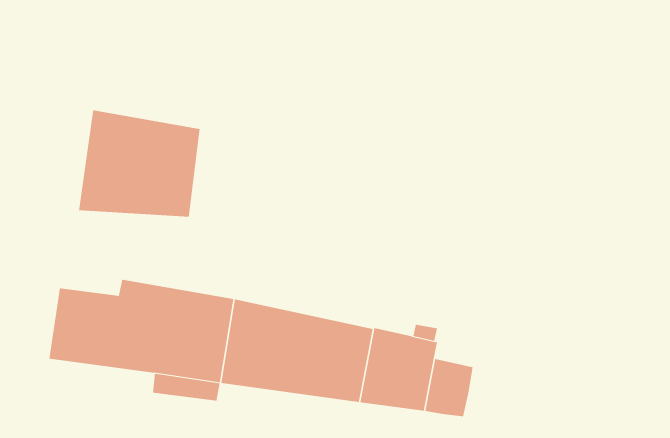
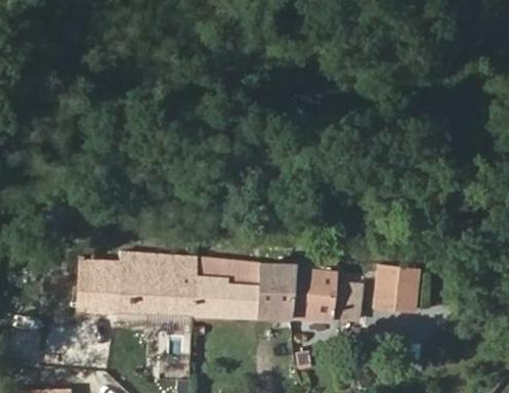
building: [79,110,200,217] -> none
building: none -> [374,265,420,311]

